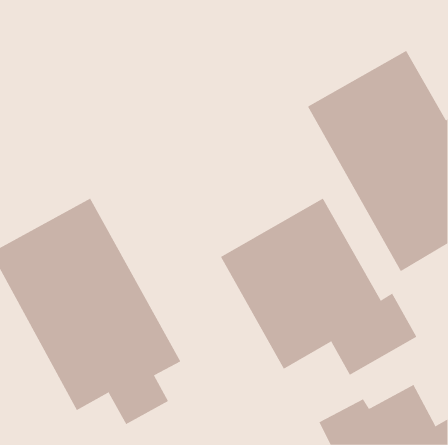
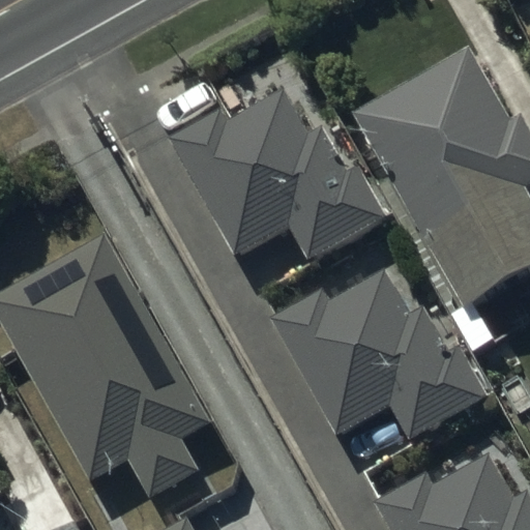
building: none -> [168,91,385,261]

